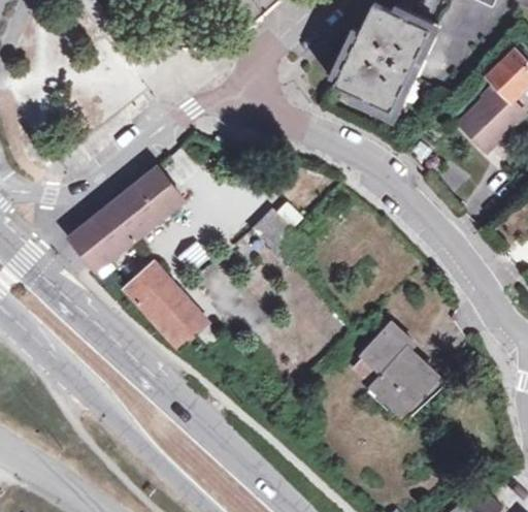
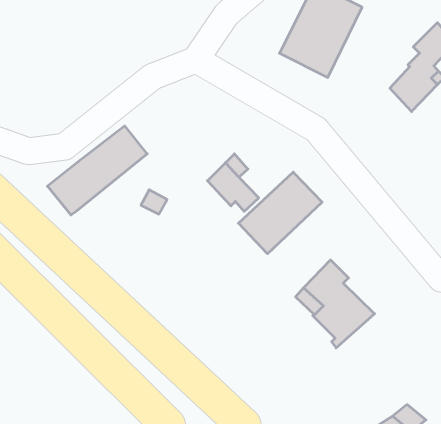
building: none -> [238,172,322,254]
building: [125,263,220,347] -> none

